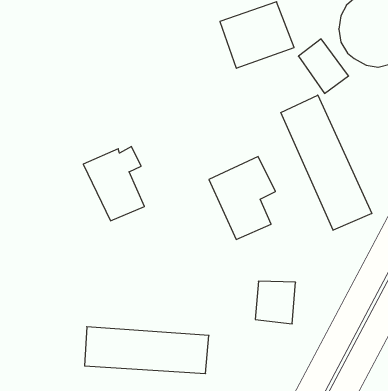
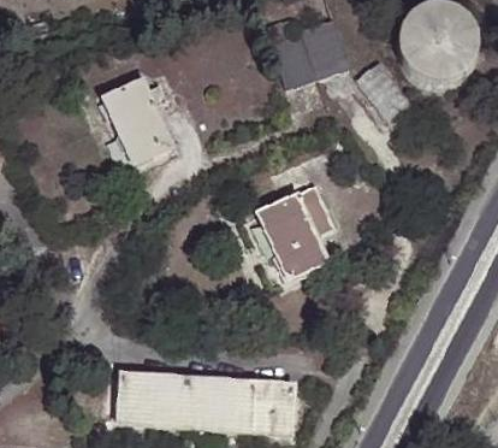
building: [281,95,372,230] -> none
building: [83,147,144,221] -> [101,77,168,159]
building: [255,281,296,324] -> [251,382,296,429]

